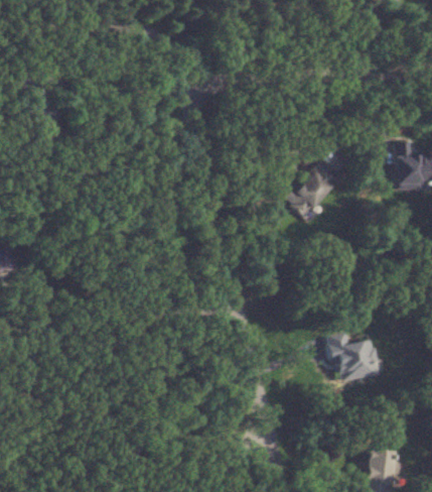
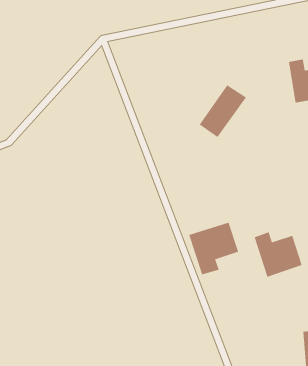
building: none -> [189,222,239,275]

